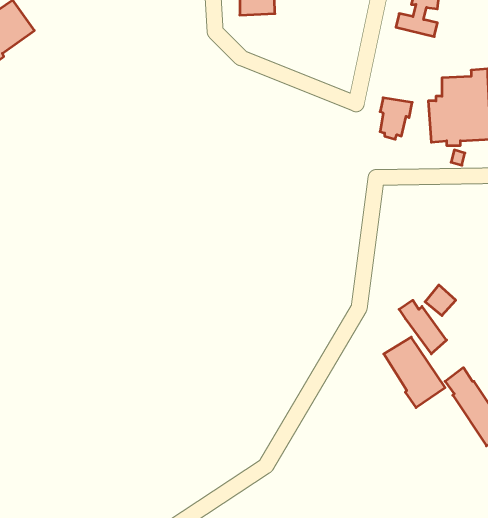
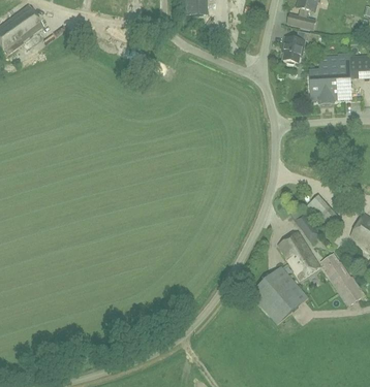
building: [380,98,412,139] -> [283,36,305,64]
building: none -> [250,265,308,323]

